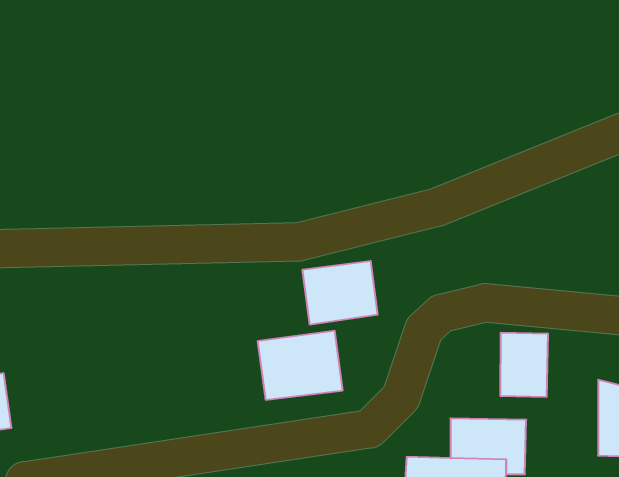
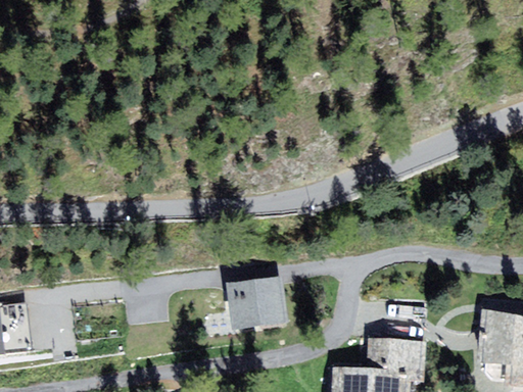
building: [303,261,378,325] -> none
building: [501,333,548,397] -> none

